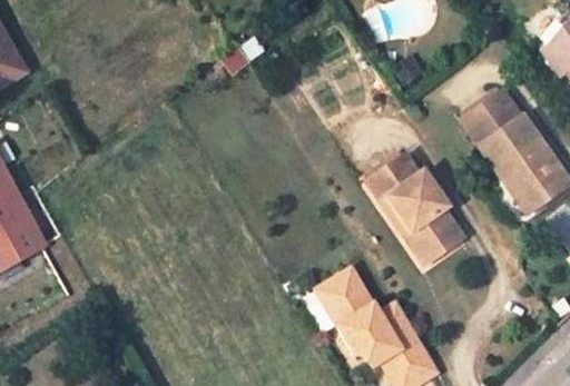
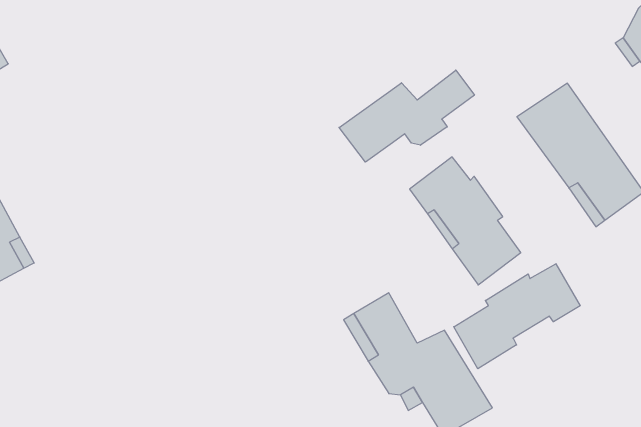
building: none -> [339,70,474,162]
building: none -> [454,264,580,369]

